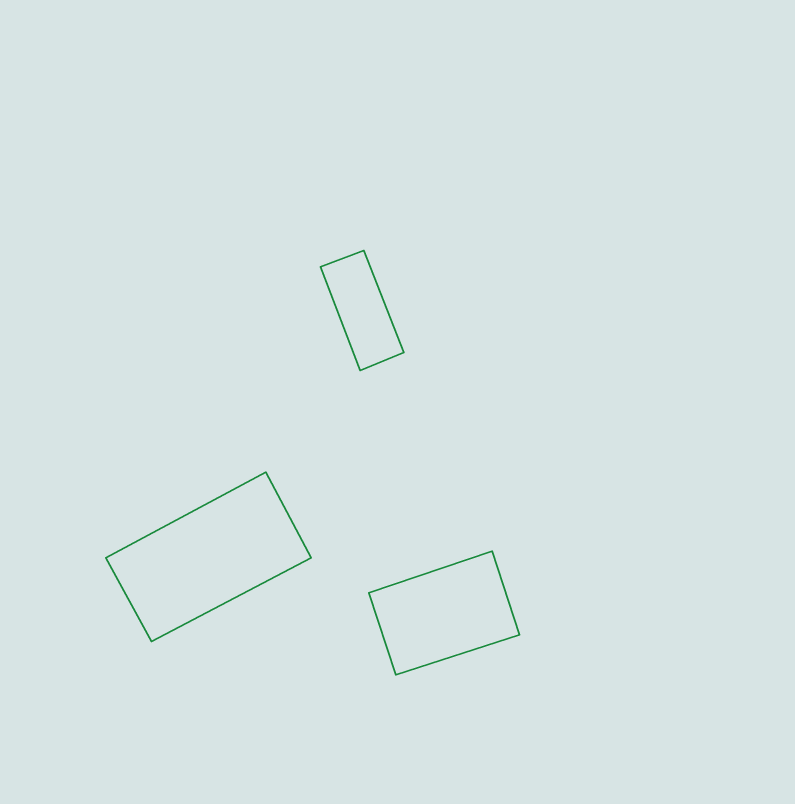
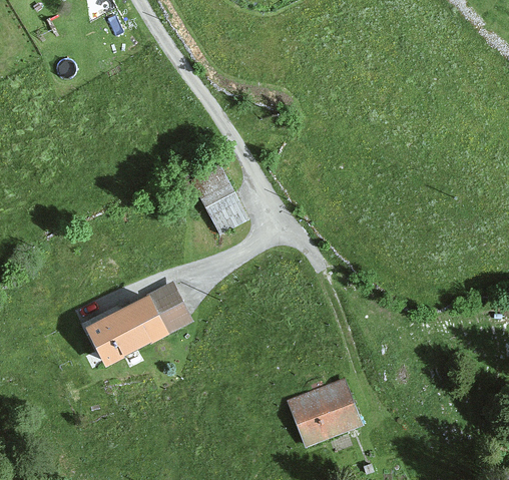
building: [369,551,519,675] -> [281,377,364,445]

